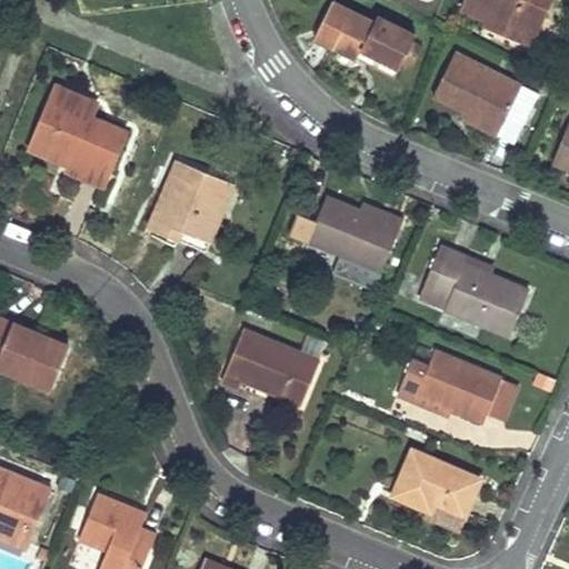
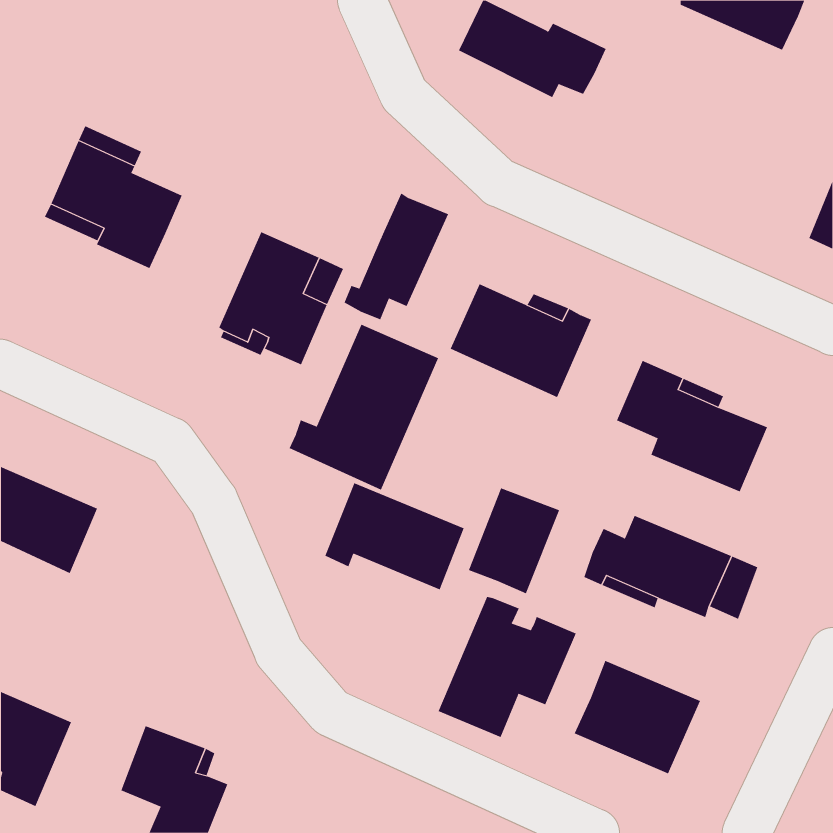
building: [431,48,538,142] -> none
building: none -> [344,193,449,320]
building: none -> [289,324,439,490]
building: none -> [468,488,560,594]
building: none -> [438,596,576,738]

